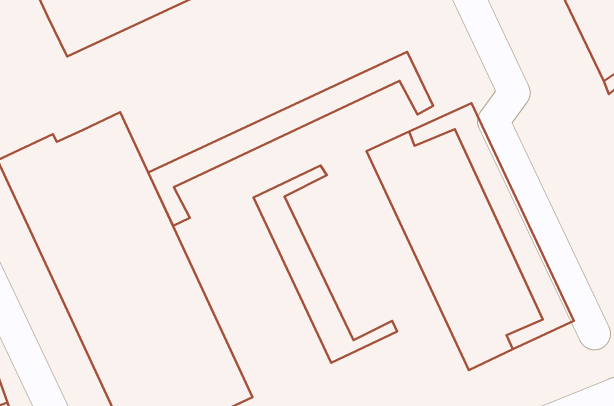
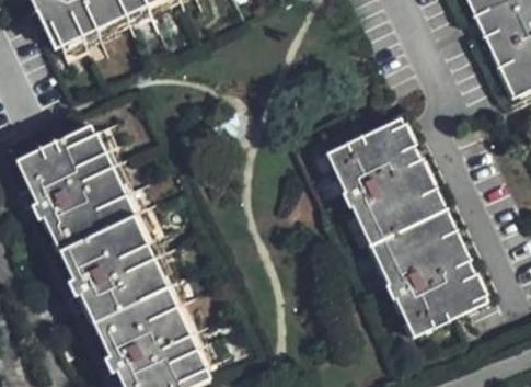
building: [148,52,433,226] -> none
building: [253,165,397,363] -> none

